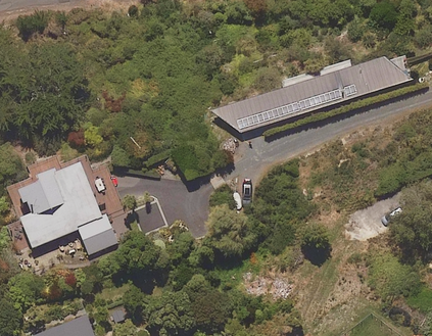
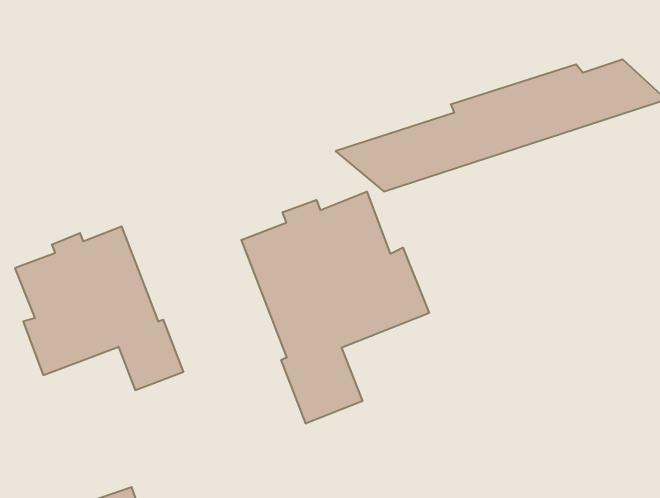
building: none -> [241,192,429,424]

